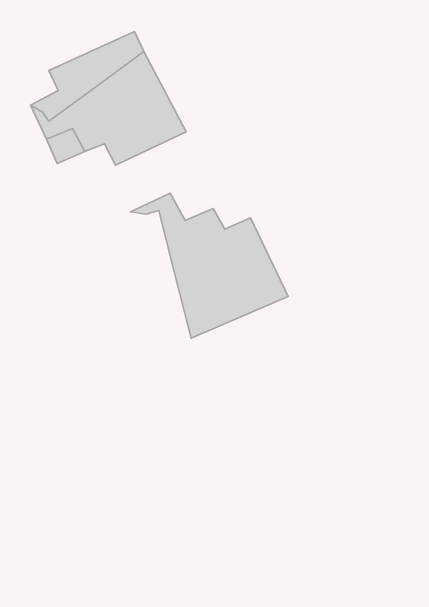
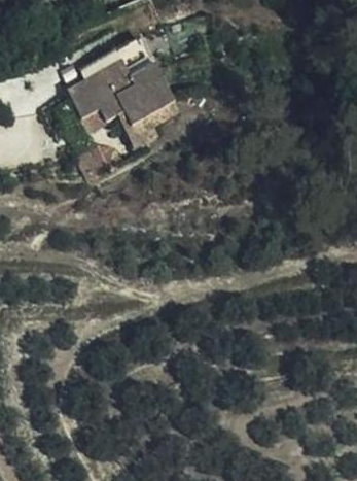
building: [131,193,288,338] -> none

